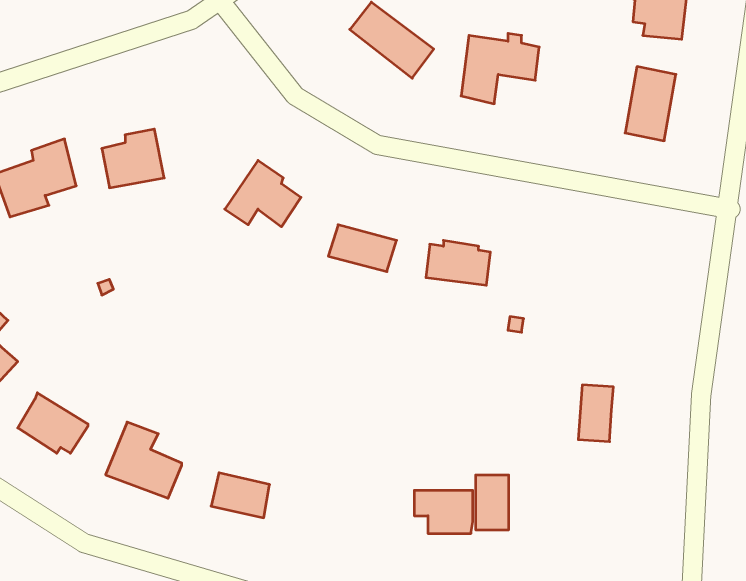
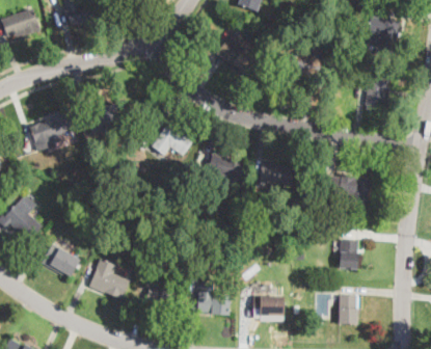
building: none -> [323,173,369,208]
building: [476,475,509,530] -> [339,295,356,324]
building: none -> [197,292,230,314]

